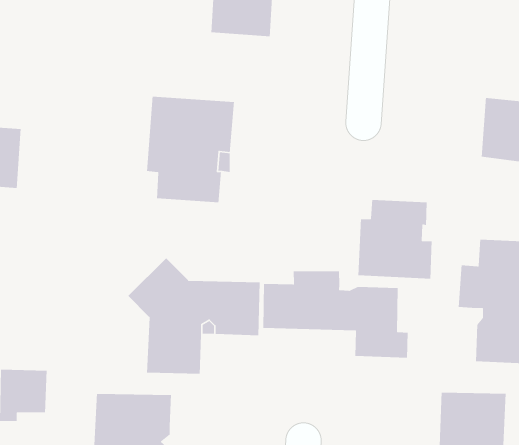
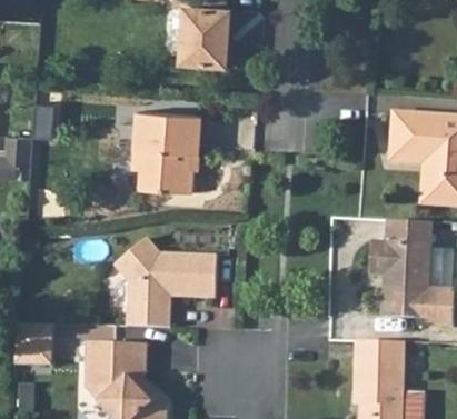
building: [358,199,433,279] -> none
building: [263,270,409,359] -> none

